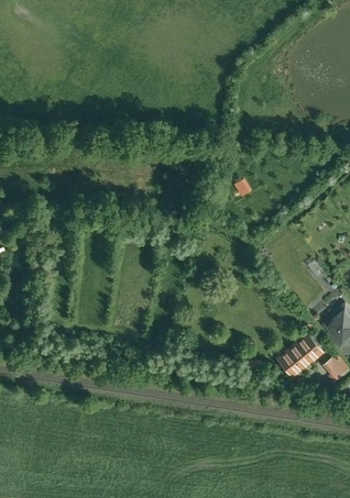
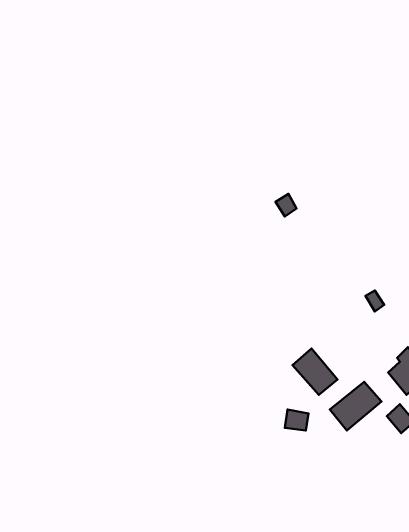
building: none -> [293,349,338,395]

